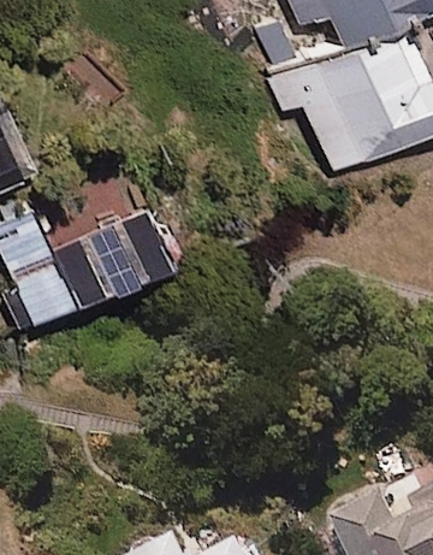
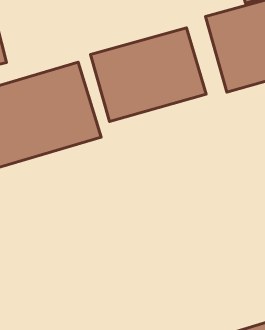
building: none -> [91,28,206,122]

